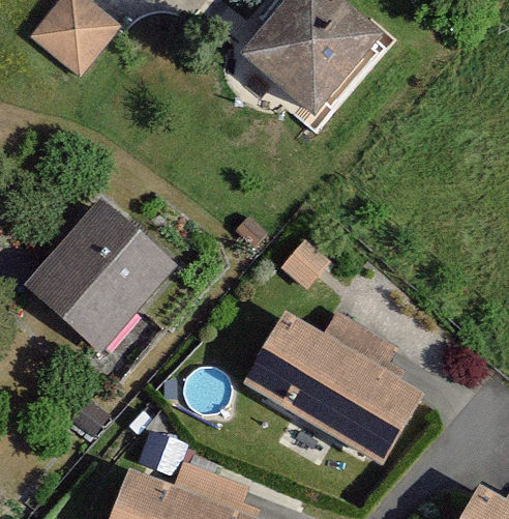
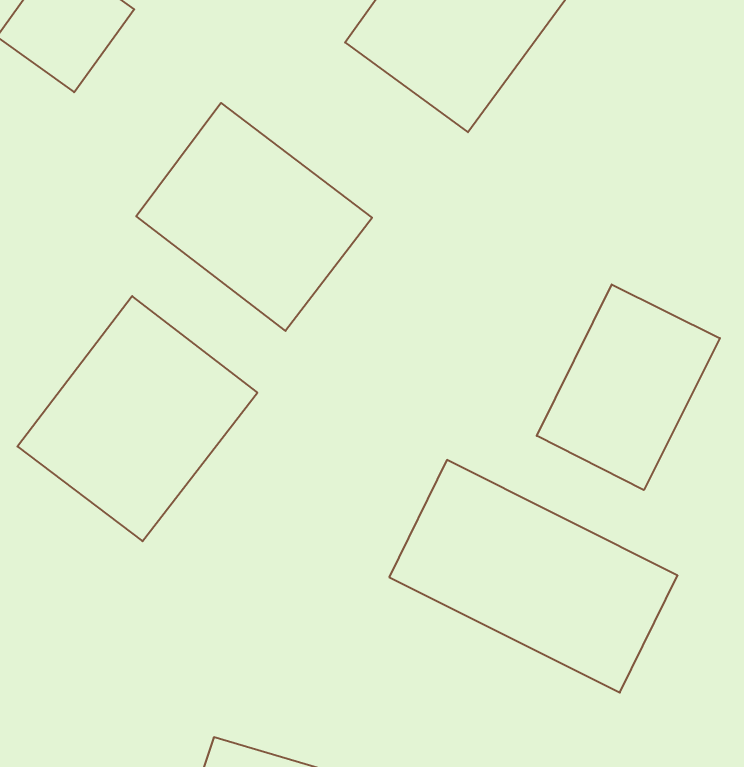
building: none -> [136,103,372,331]
building: none -> [537,284,720,490]

